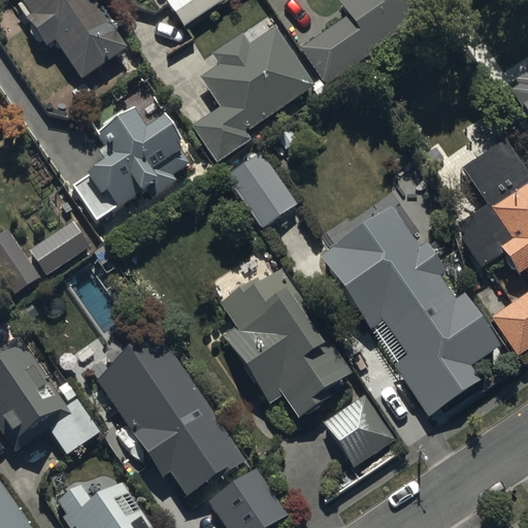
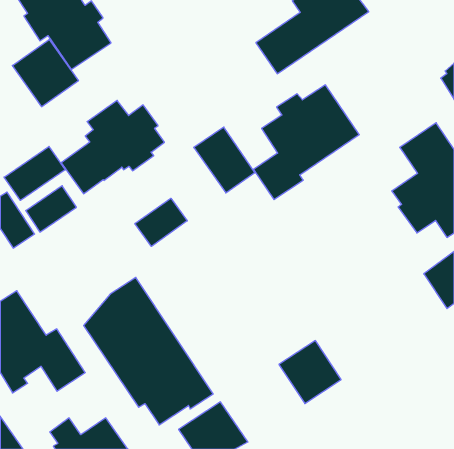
building: [193,28,316,161] -> [254,85,359,200]
building: none -> [12,39,78,107]
building: none -> [4,146,65,200]
building: [319,203,498,412] -> none
building: none -> [135,198,187,246]
building: [222,271,353,421] -> none

